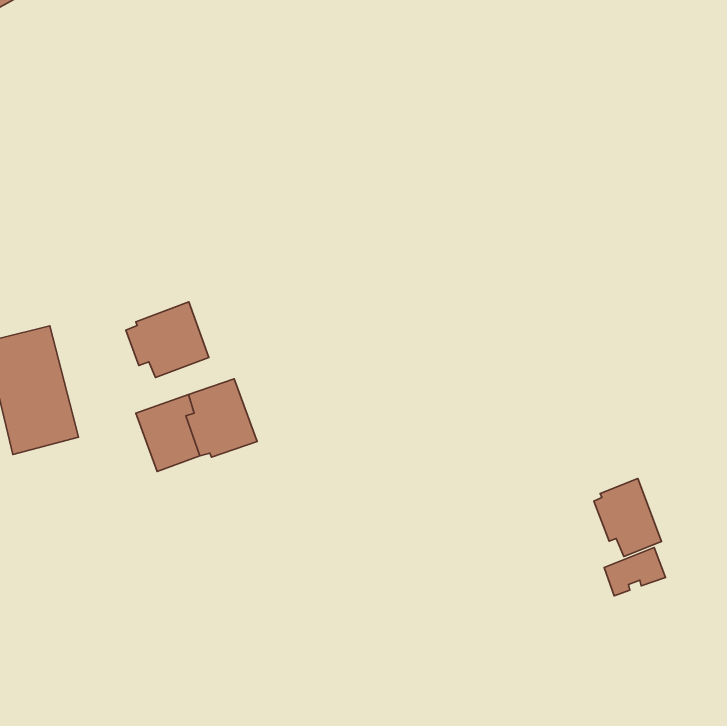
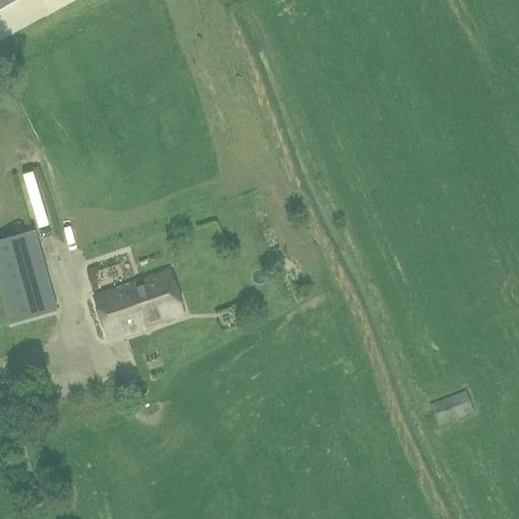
building: [126,302,209,378] -> none
building: [594,478,661,556] -> none

